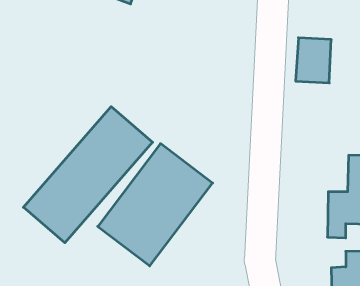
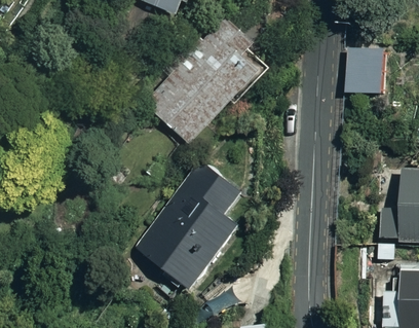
building: none -> [138,11,262,139]
building: [23,107,153,243] -> none

